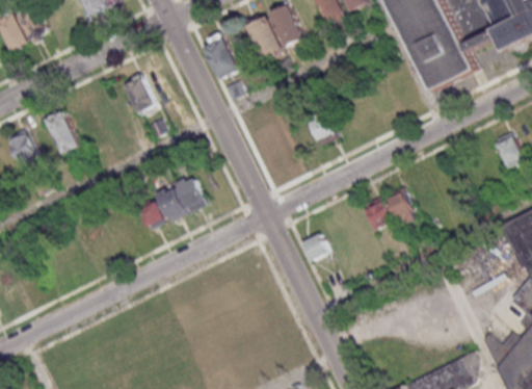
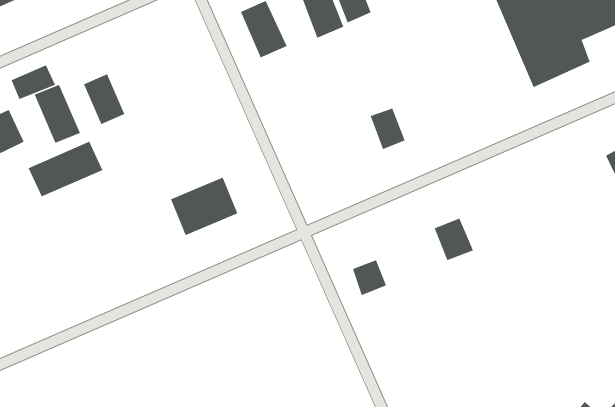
building: [122,73,156,113] -> [83,74,125,125]
building: none -> [11,64,56,100]
building: none -> [28,141,103,197]
building: [384,186,416,225] -> none
building: [137,200,161,226] -> none

